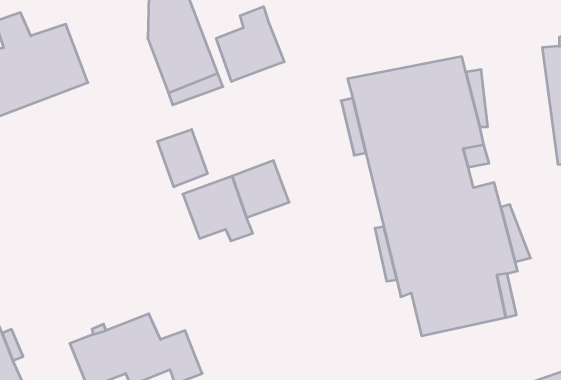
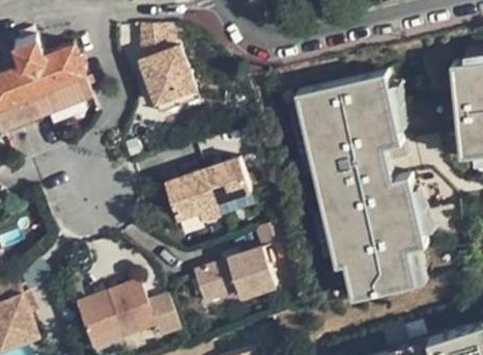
building: [216,7,284,82] -> none
building: [157,129,207,187] -> none
building: none -> [194,212,294,303]

